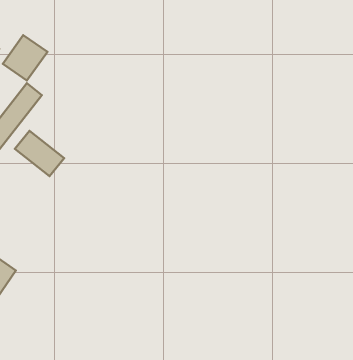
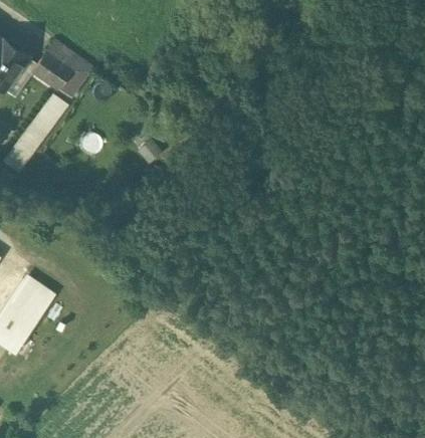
building: [15,131,64,176] -> none

